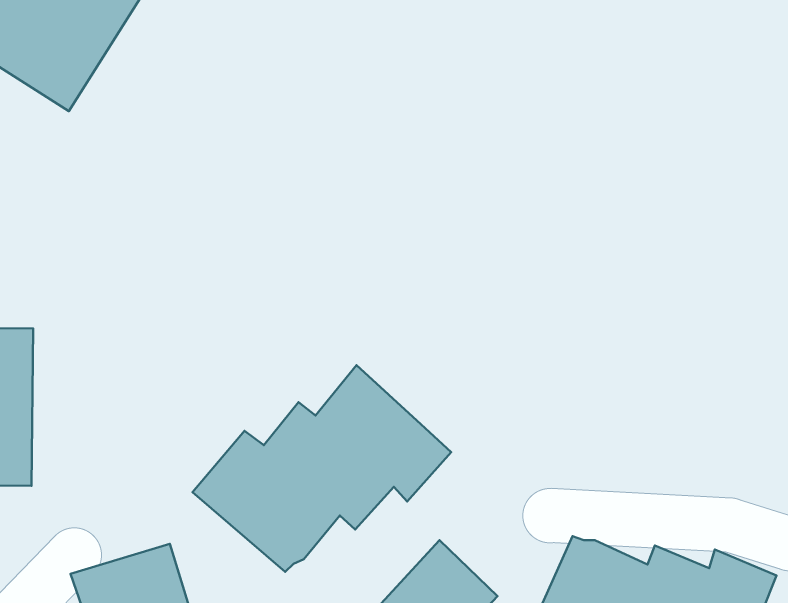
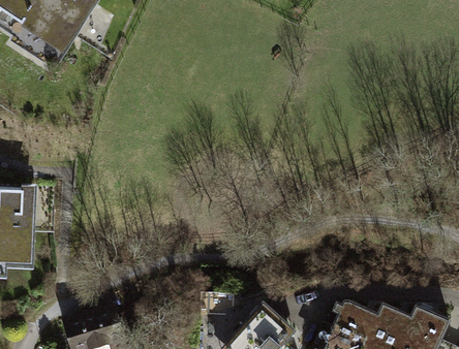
building: [192,365,451,572] -> none

